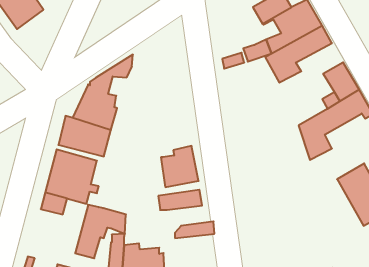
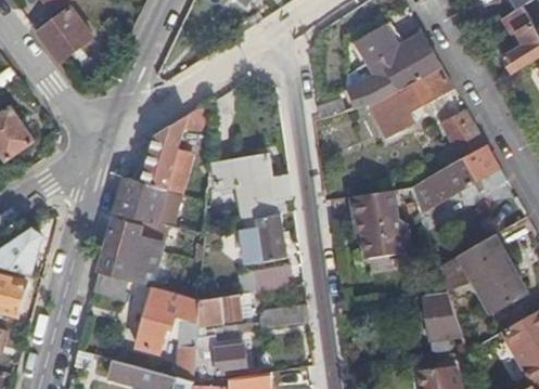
building: none -> [213,156,292,229]
building: none -> [352,192,412,260]
building: none -> [425,258,469,354]
building: none -> [196,294,251,327]

